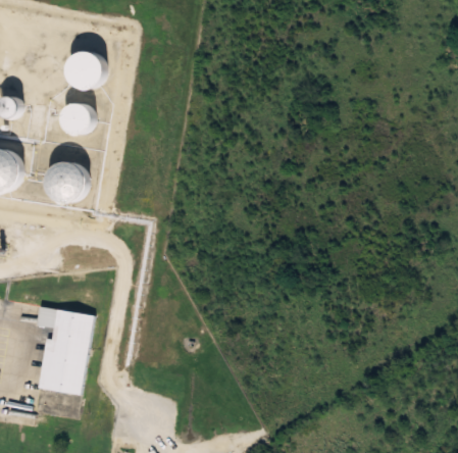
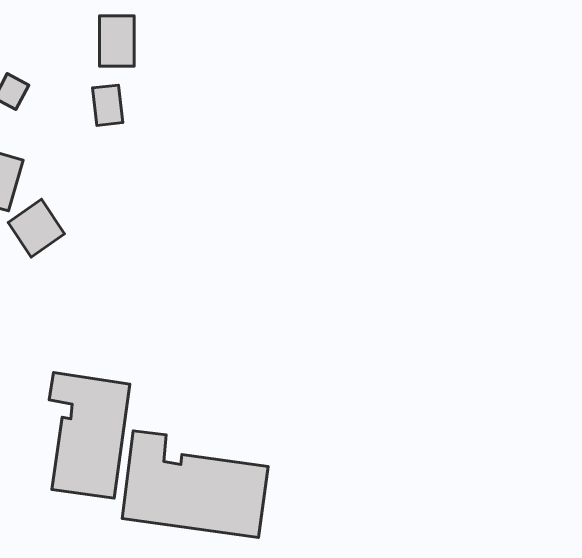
building: [48,164,88,205] -> [8,199,64,257]
building: none -> [122,431,268,537]

